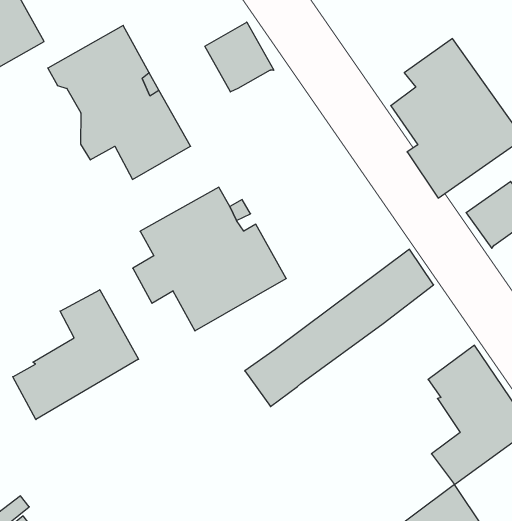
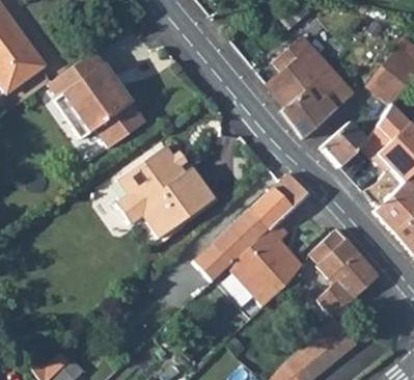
building: [205,22,274,92] -> none
building: [13,290,139,420] -> none
building: none -> [228,220,302,306]

